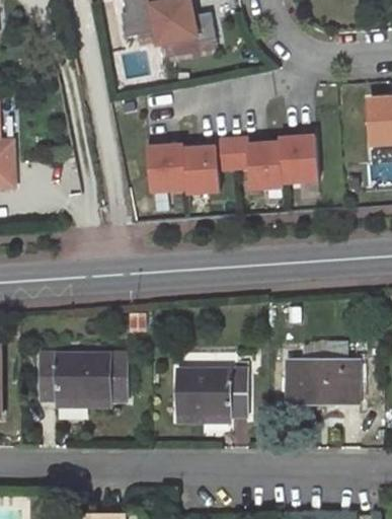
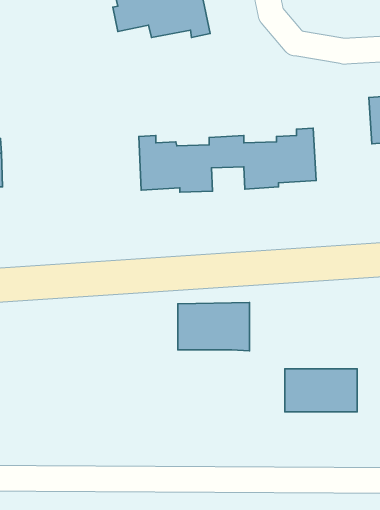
building: [41,354,126,400] -> none
building: [177,370,246,417] -> [178,303,249,351]

